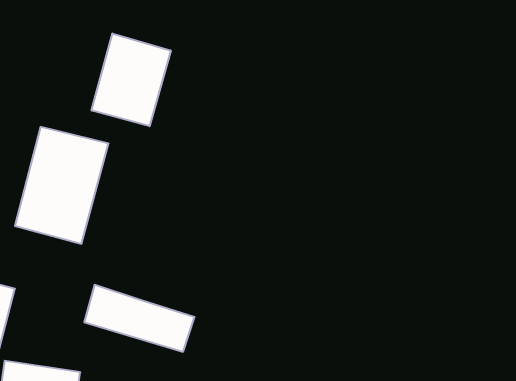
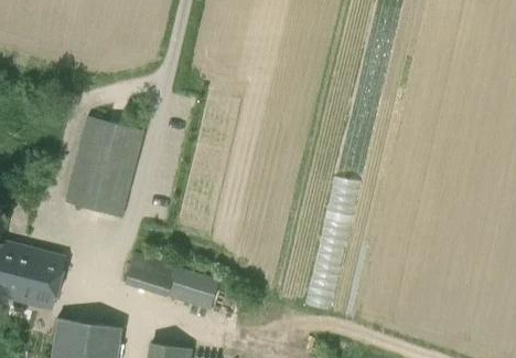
building: [92,33,171,126] -> none

